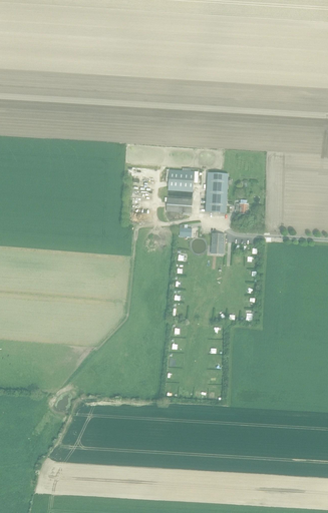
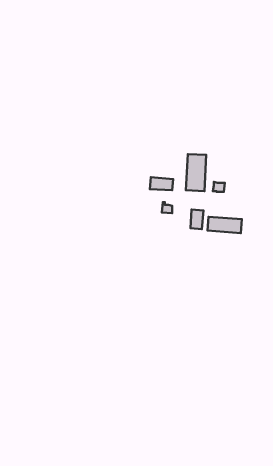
building: [167,168,193,189] -> none
building: none -> [207,217,242,233]

